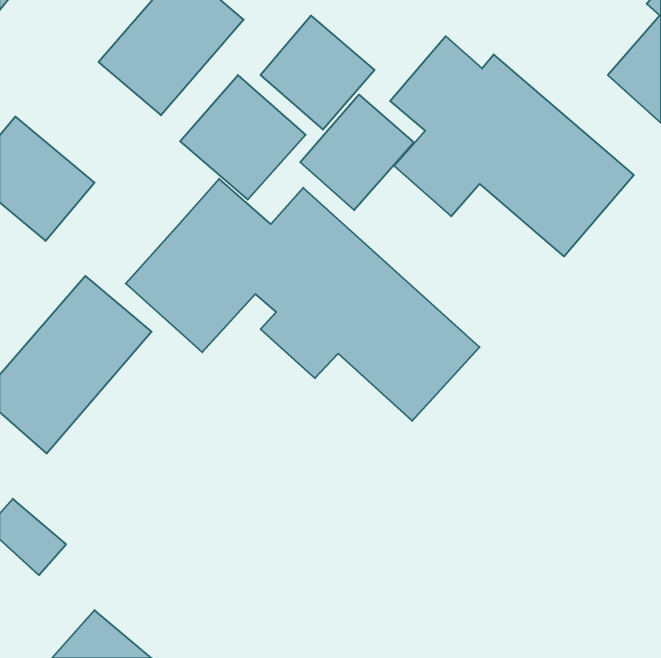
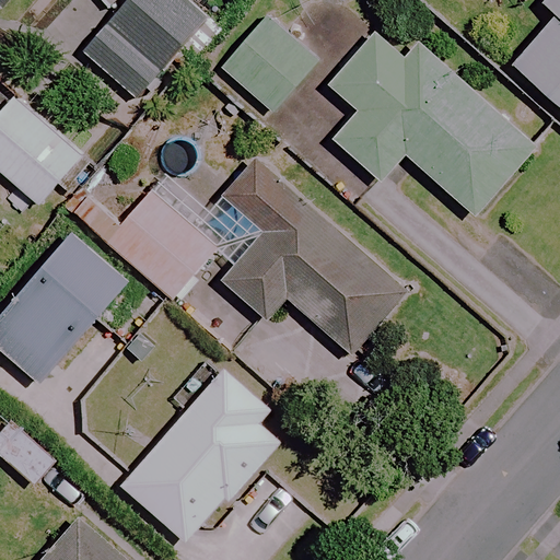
building: [180,75,306,200] -> none
building: [300,95,414,210] -> none
building: none -> [122,369,280,541]

